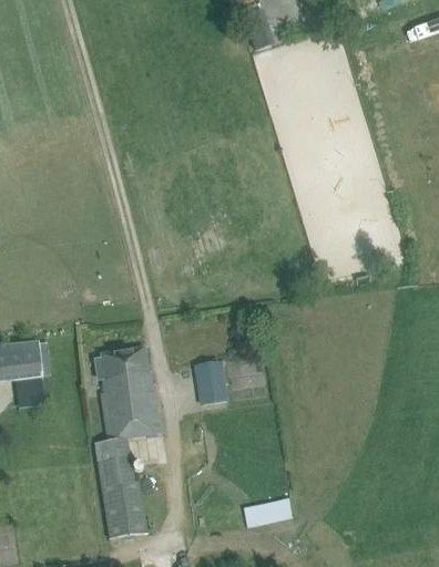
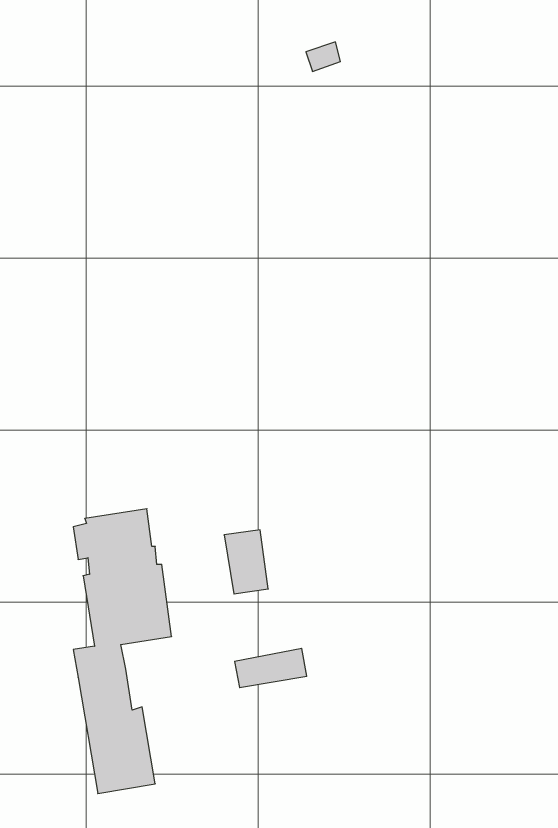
building: [244,498,293,525] -> [235,648,307,688]

